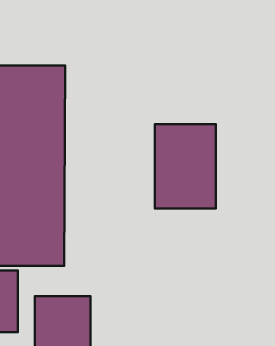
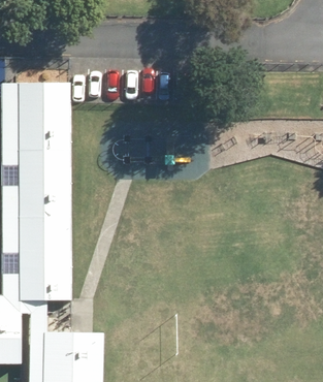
building: [155,124,216,208] -> none

